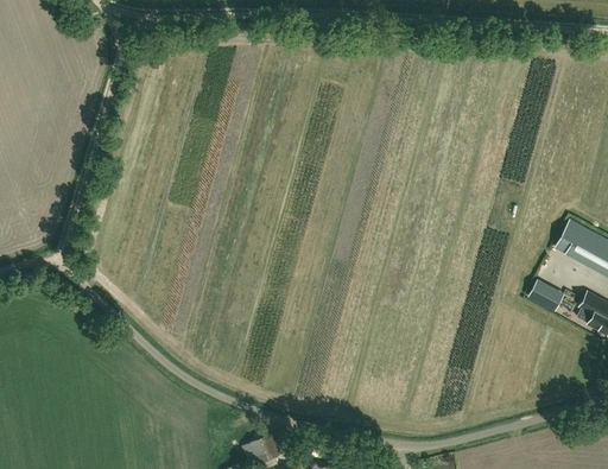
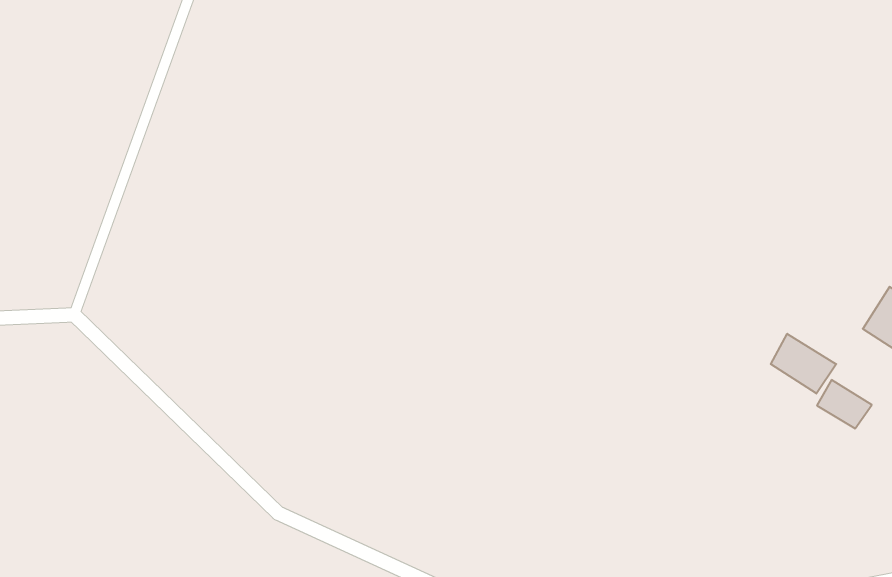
building: none -> [771,334,836,394]

